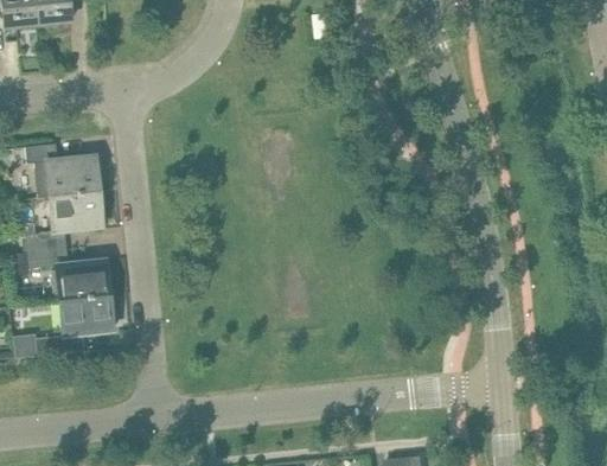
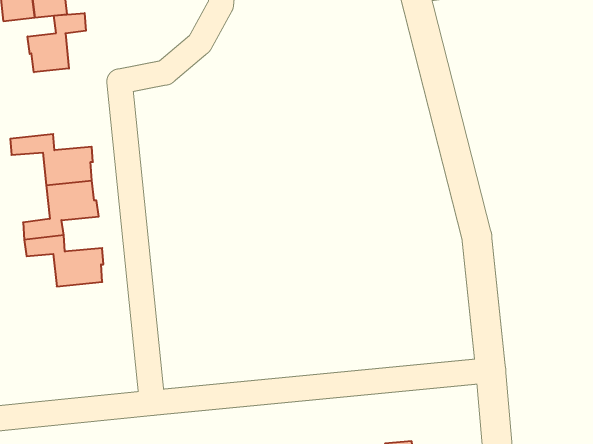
building: none -> [28,13,86,72]
building: [34,294,111,356] -> none

